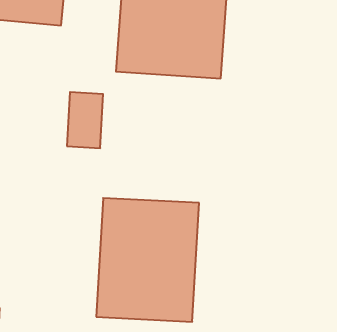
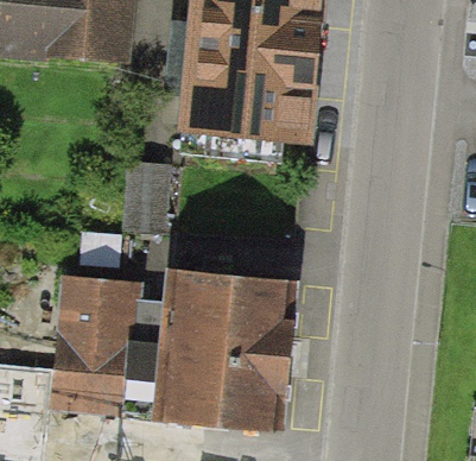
building: none -> [52,279,122,410]

